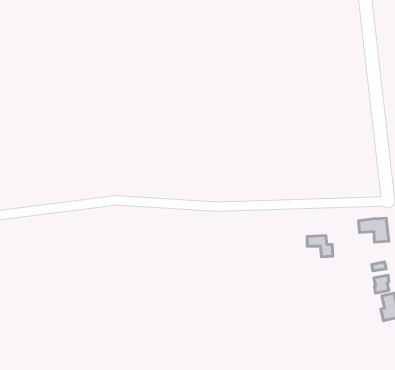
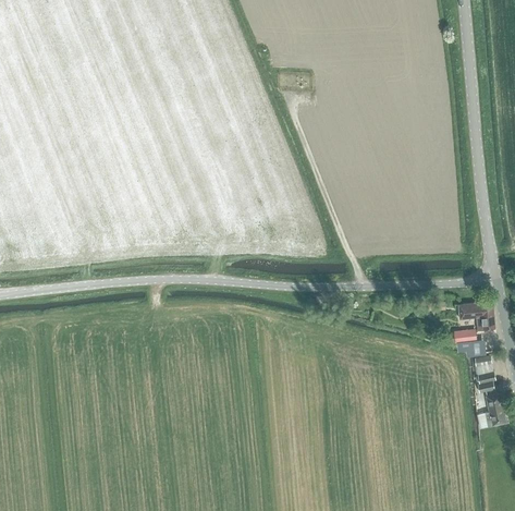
building: [307,236,333,257] -> [450,329,481,355]

